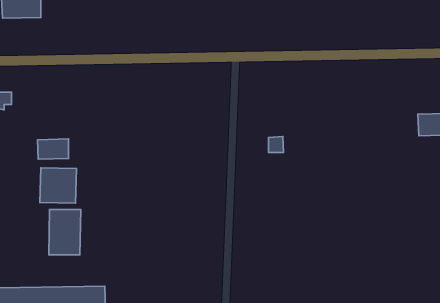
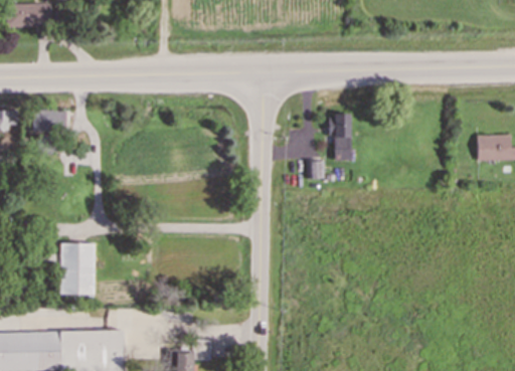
building: none -> [329,116,351,160]
building: [37,139,69,159] -> [31,110,66,133]
building: [40,168,77,203] -> none

